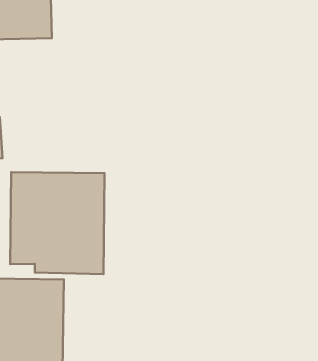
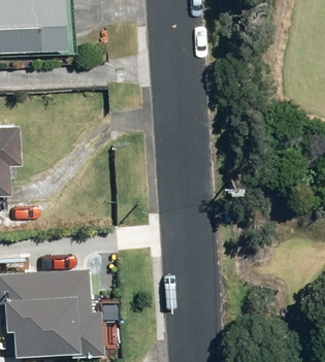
building: [10,172,105,274] -> none

